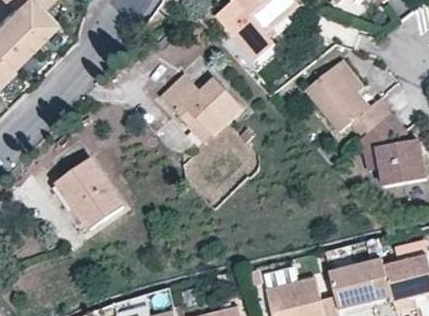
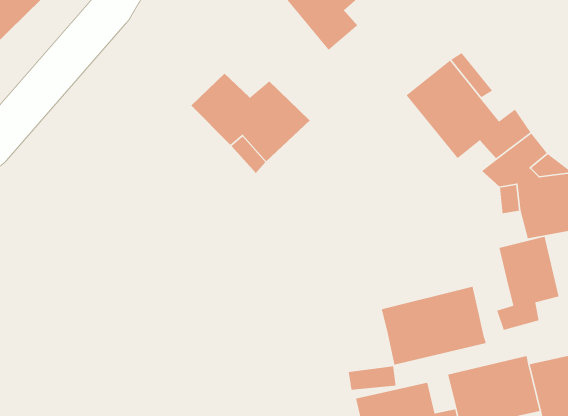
building: [57,159,119,227] -> none
building: none -> [496,236,560,331]
building: none -> [381,286,487,365]

